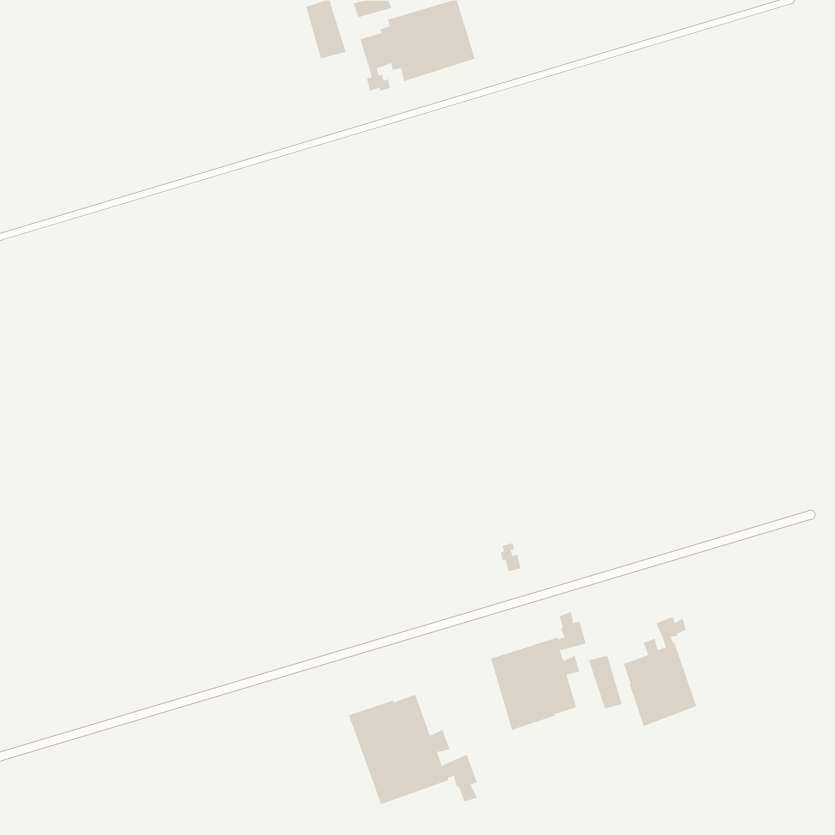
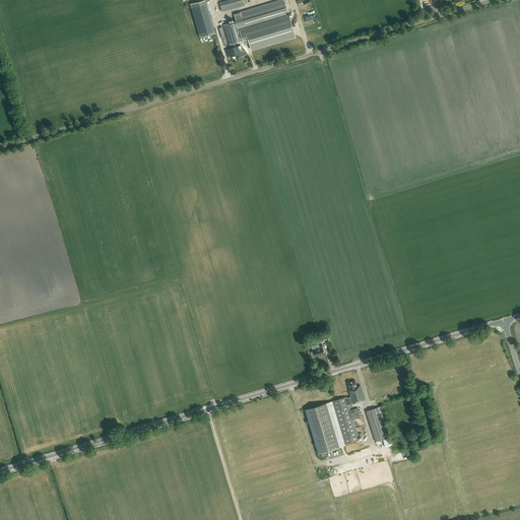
building: [623,616,697,727] -> none
building: [348,694,478,805] -> none

